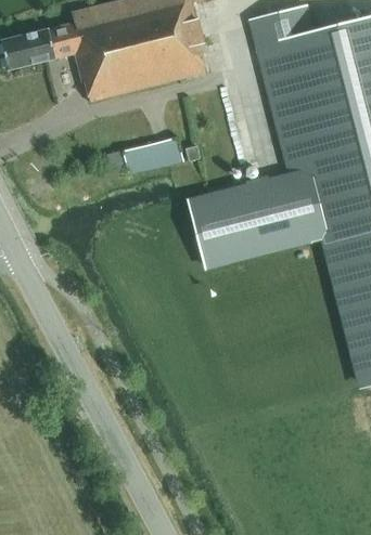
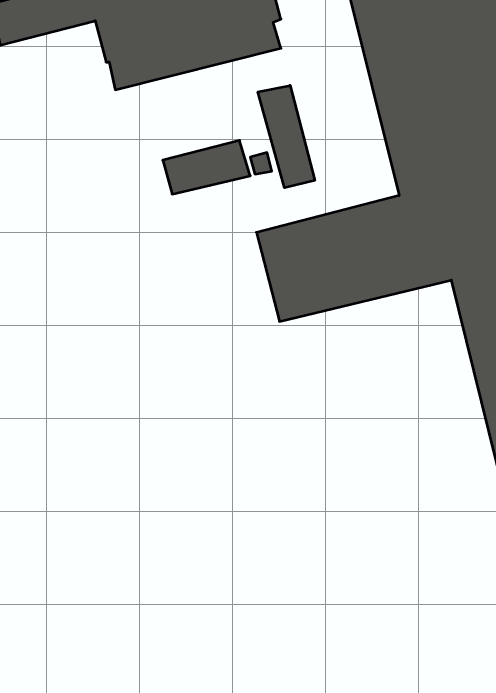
building: none -> [258,85,315,188]

